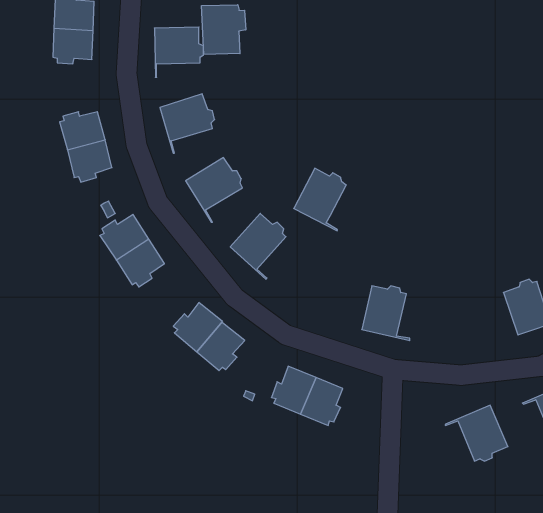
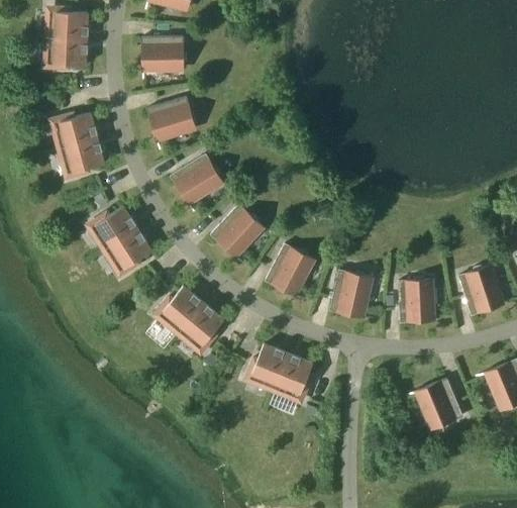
building: [202,5,246,54] -> none
building: [294,168,346,231] -> [266,245,313,302]
building: none -> [398,278,444,323]

